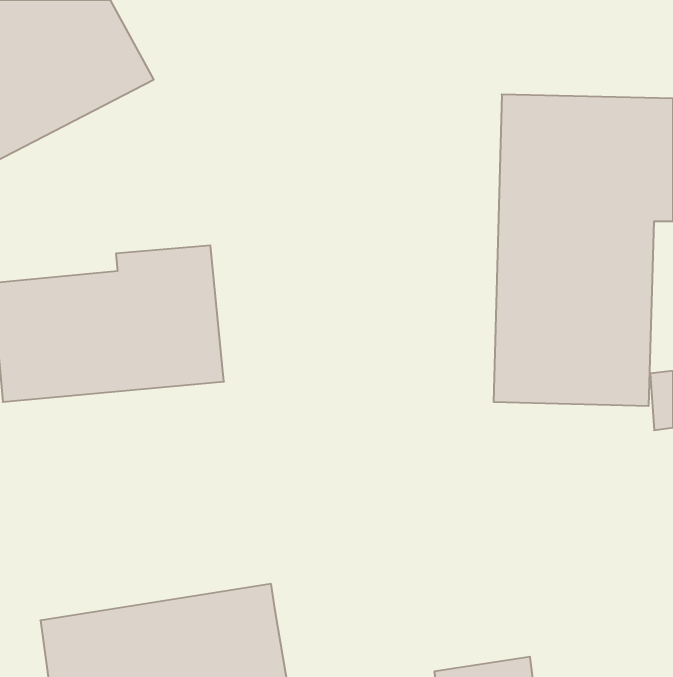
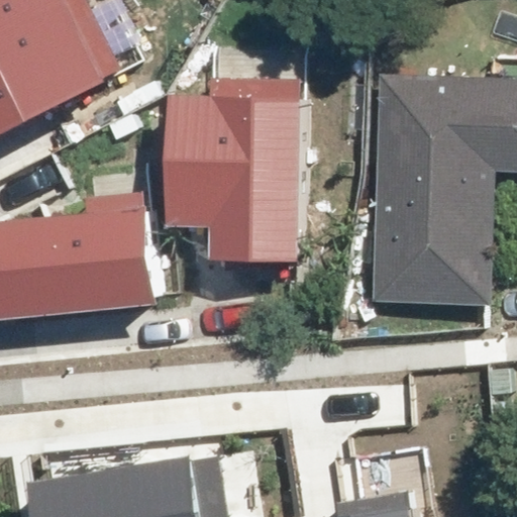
building: none -> [185,79,306,256]

